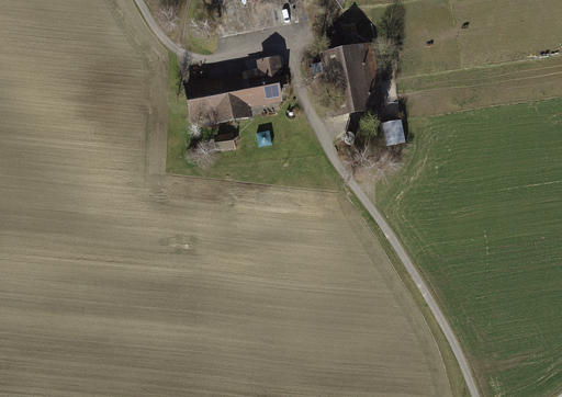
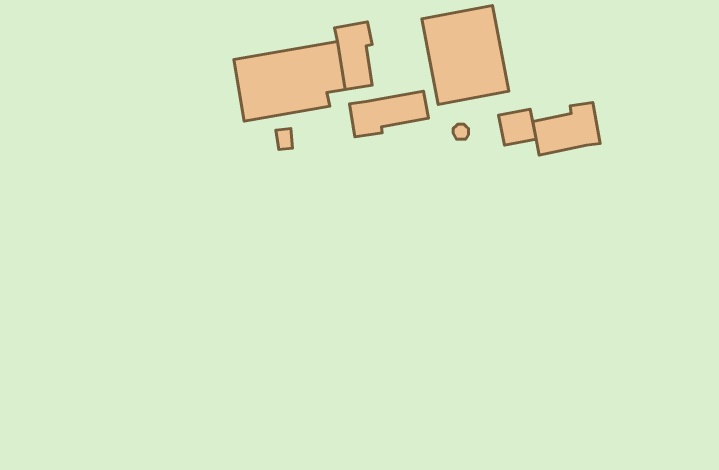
building: none -> [349,91,428,137]
building: none -> [533,102,600,155]

